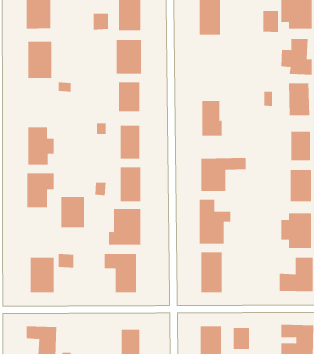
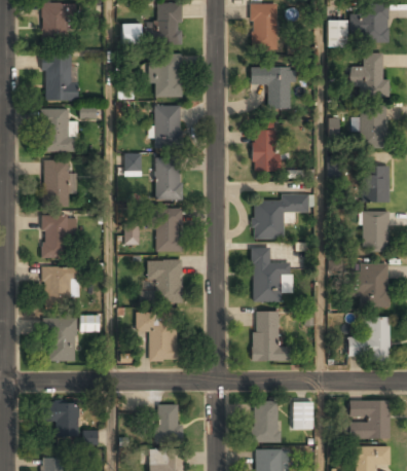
building: none -> [252,67,292,110]
building: none -> [42,109,72,152]
building: [60,196,85,228] -> [44,267,74,305]

